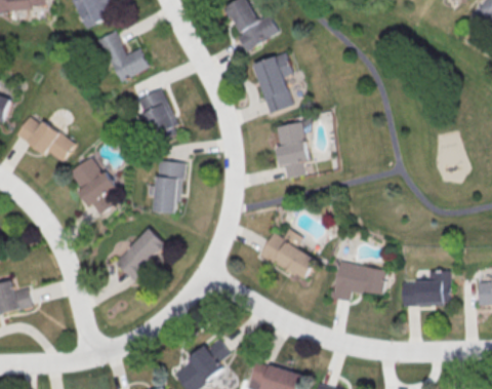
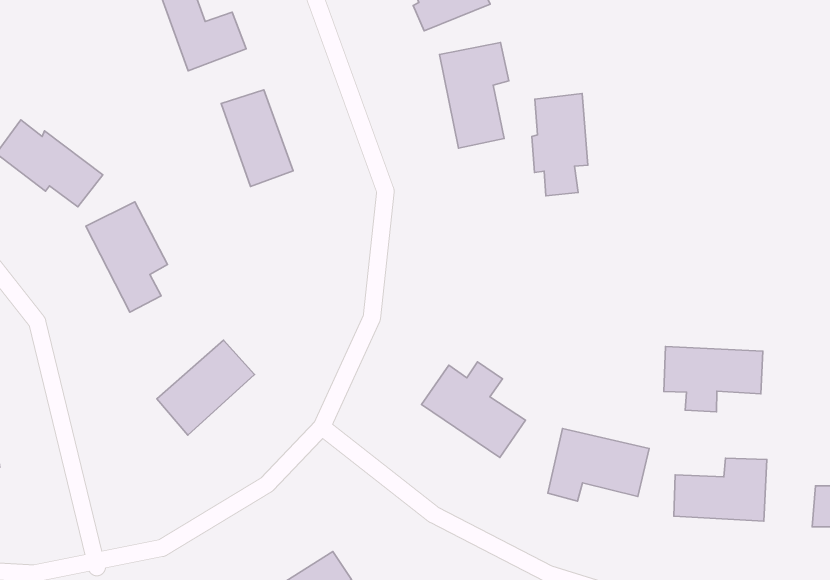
building: [277,121,309,179] -> [532,93,588,196]
building: [155,161,182,212] -> none
building: none -> [664,346,763,412]

